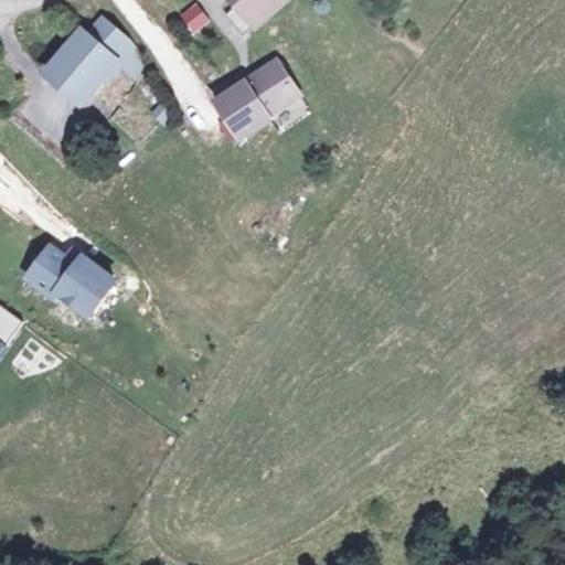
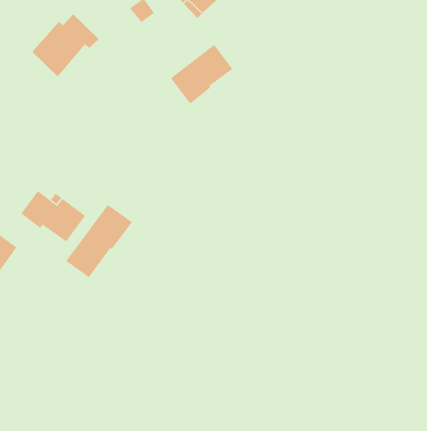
building: none -> [65,204,133,278]

